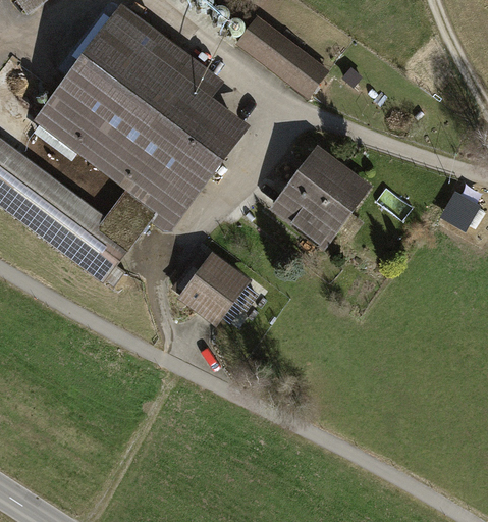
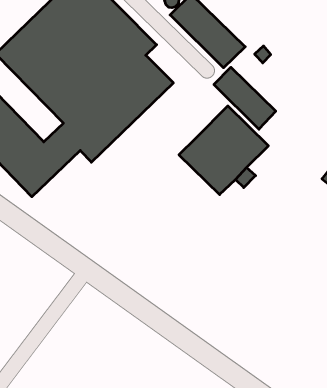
building: none -> [214,67,276,129]
building: [170,248,250,328] -> none

